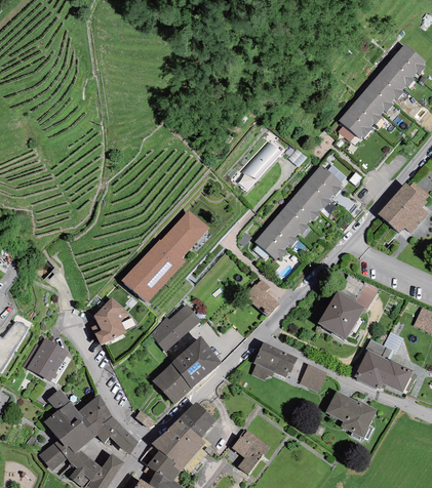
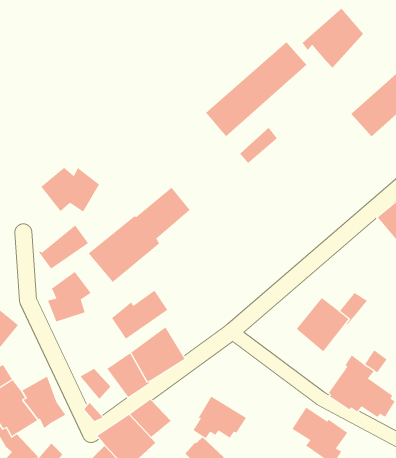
building: none -> [302,8,364,69]
building: [257,169,343,262] -> [205,41,307,137]
building: none -> [40,167,100,213]
building: none -> [38,225,89,270]
building: [243,279,278,316] -> none
building: [250,341,298,380] -> [193,396,247,439]
building: [299,364,327,392] -> none
building: [109,426,139,454] -> [79,368,111,400]

